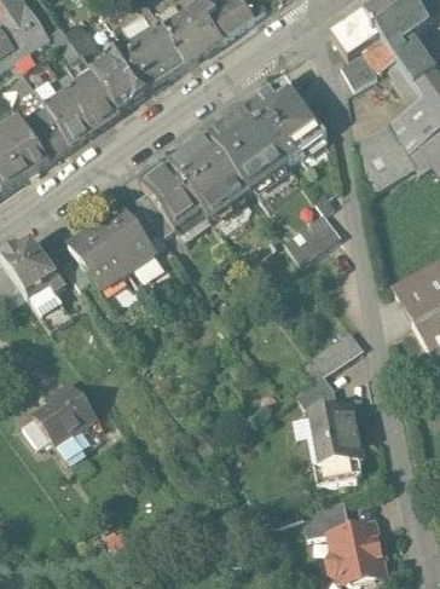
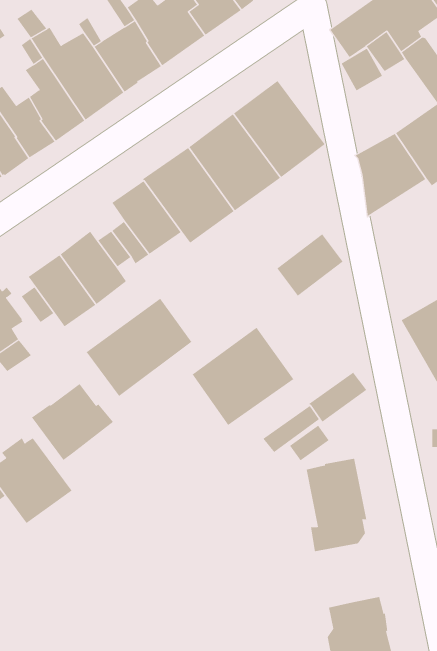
building: none -> [86,298,192,397]
building: none -> [192,327,294,426]
building: none -> [31,383,114,461]
building: [303,498,349,537] -> none

